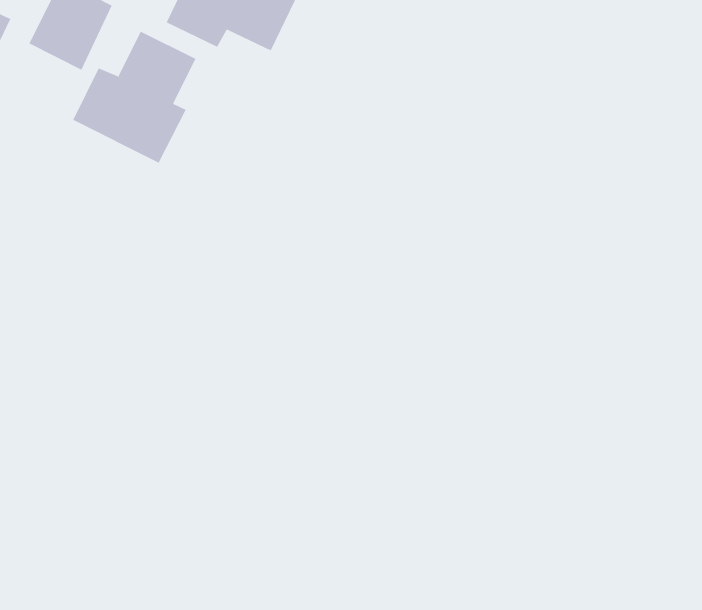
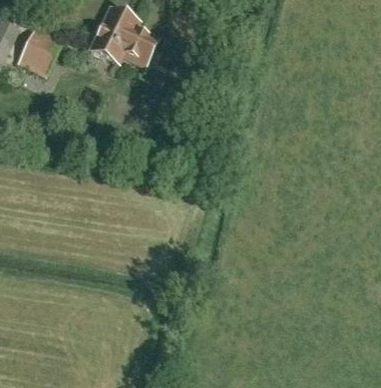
building: [73,31,196,163] -> none

